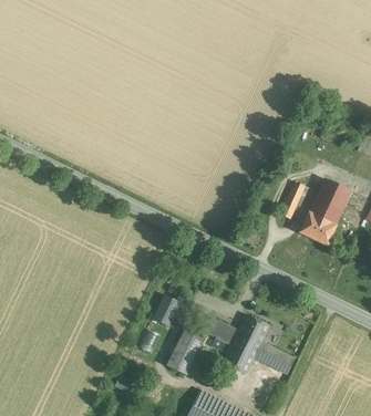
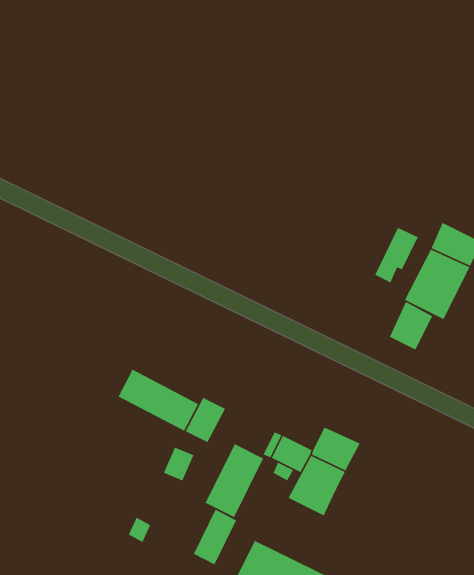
building: none -> [389,301,433,350]
building: none -> [117,369,199,432]
building: [254,342,295,374] -> none
building: none -> [193,509,237,565]

